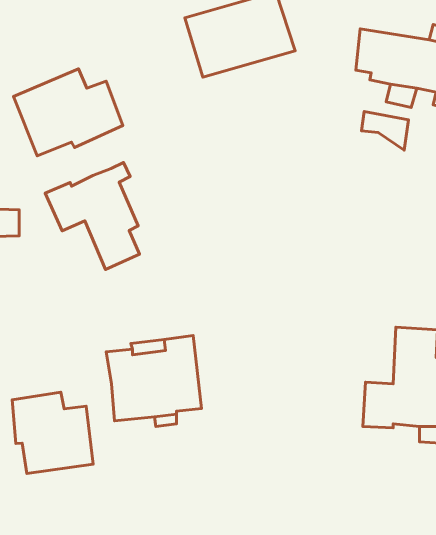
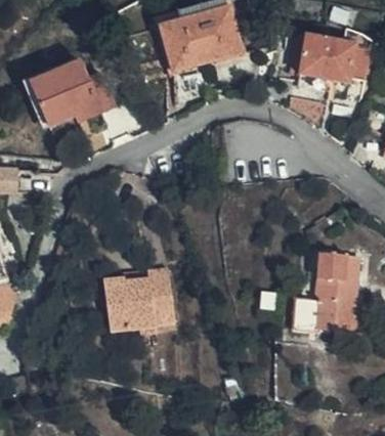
building: [45,163,139,269] -> none
building: [12,392,93,473] -> none

